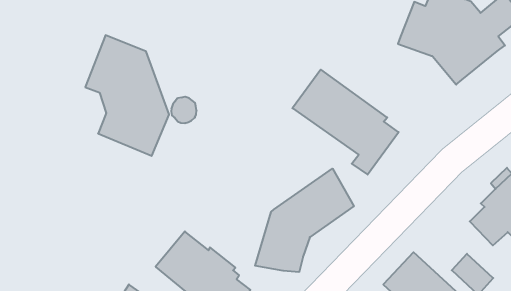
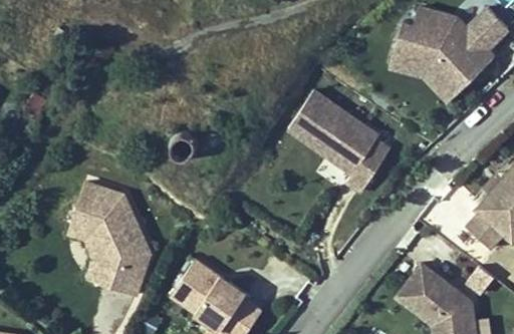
building: [85,35,169,156] -> [70,184,153,295]
building: [255,169,354,272] -> none

